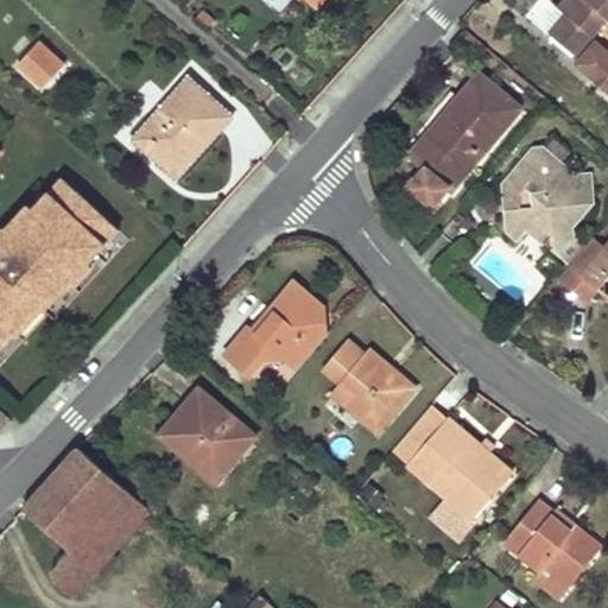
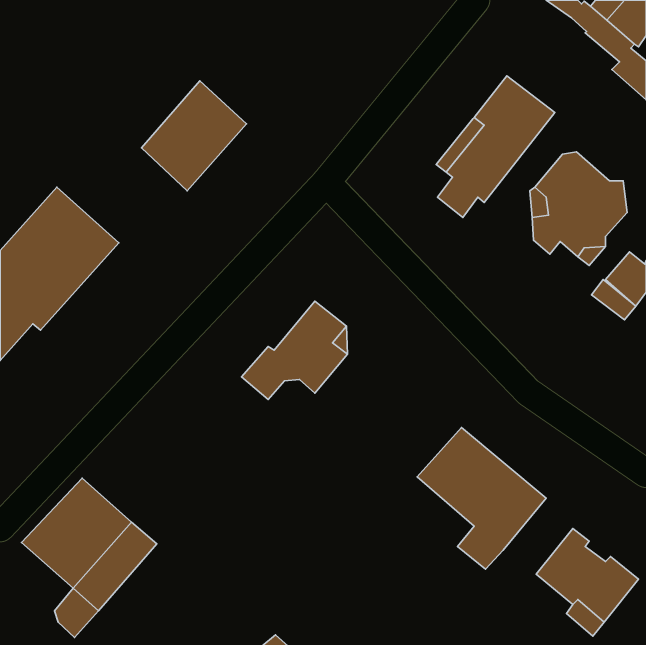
building: [17,43,64,89] -> none
building: [327,338,416,429] -> none
building: [159,387,258,486] -> none

